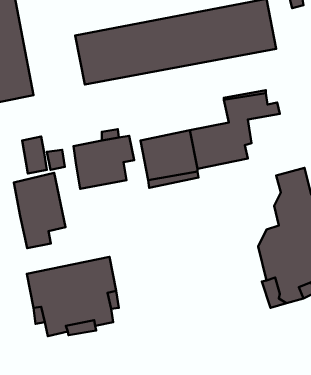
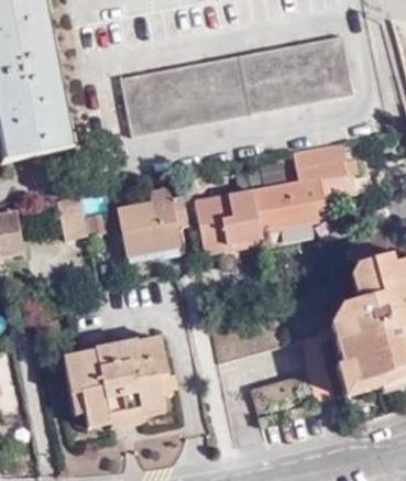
building: [14,173,66,248] -> none

